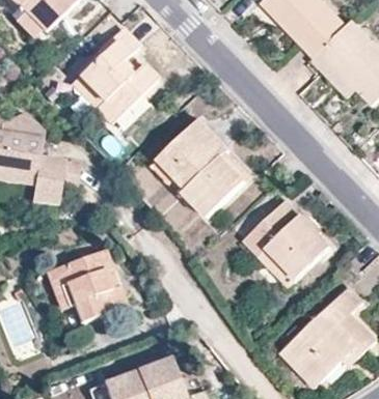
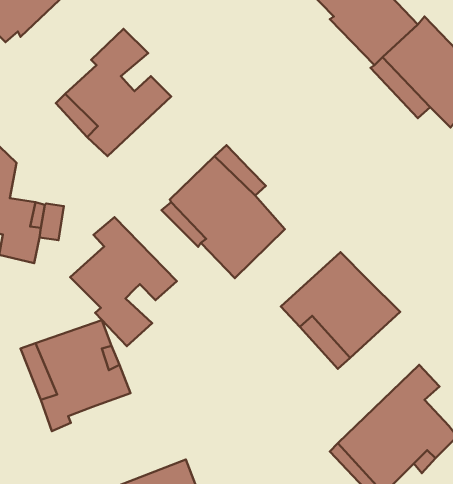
building: none -> [70,217,177,346]

